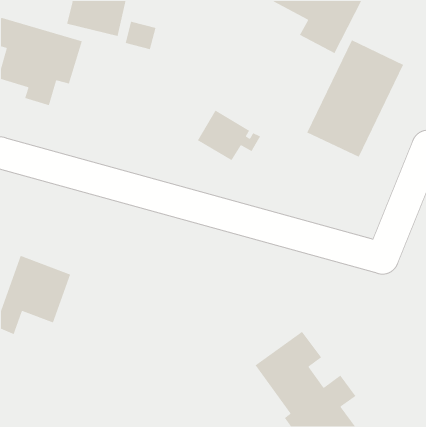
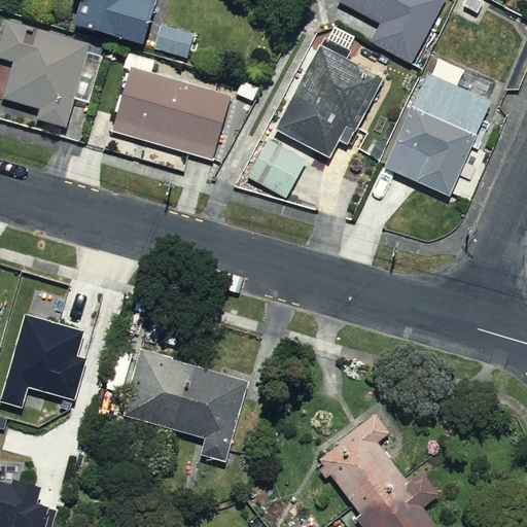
building: none -> [275,42,380,160]
building: none -> [106,61,246,168]
building: none -> [116,347,237,463]

